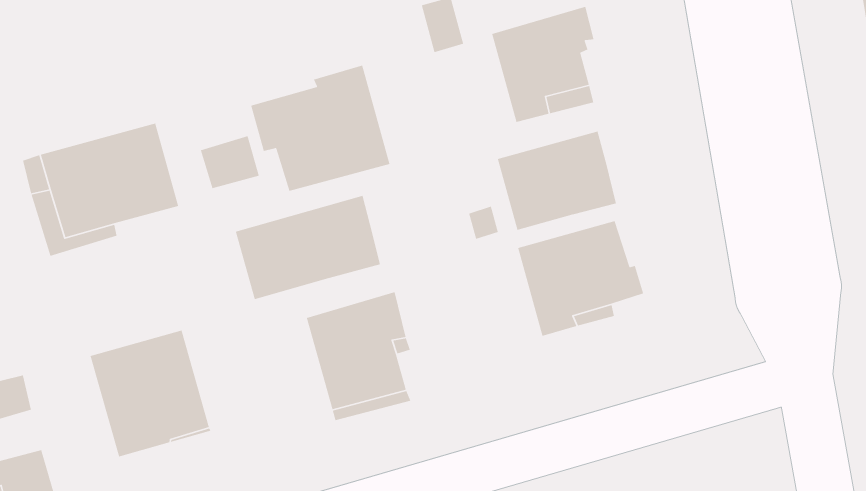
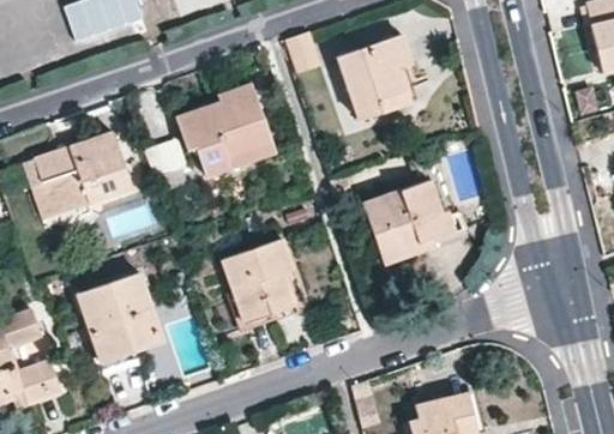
building: [497,130,617,231] -> none
building: [235,195,381,300] -> none

